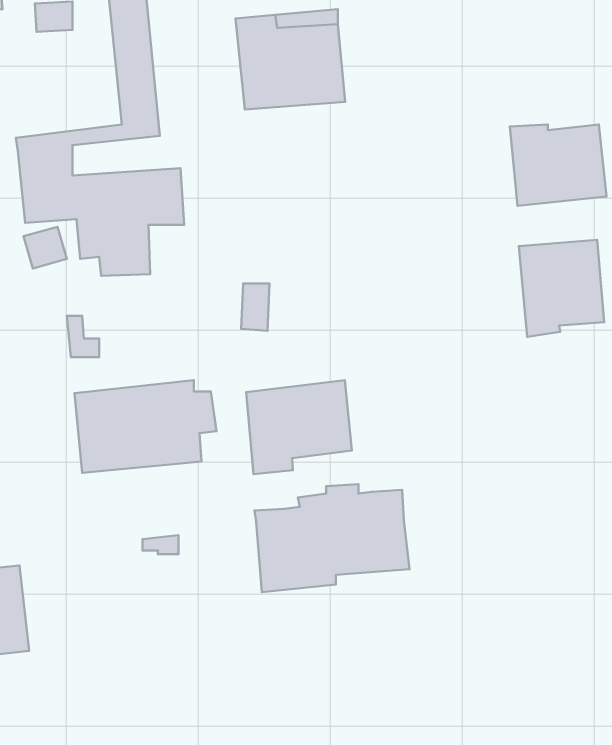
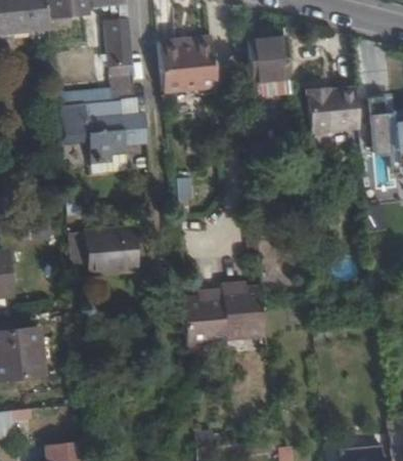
building: none -> [252,40,293,100]
building: [519,240,604,337] -> none
building: [246,380,352,474] -> none

